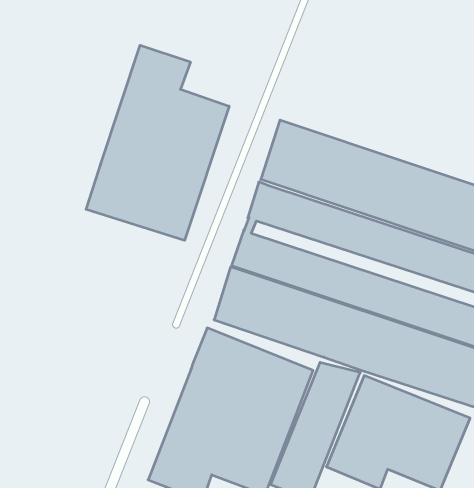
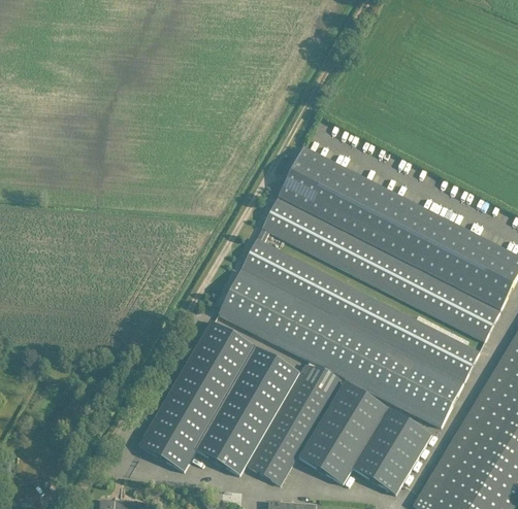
building: [86,45,229,240] -> none

